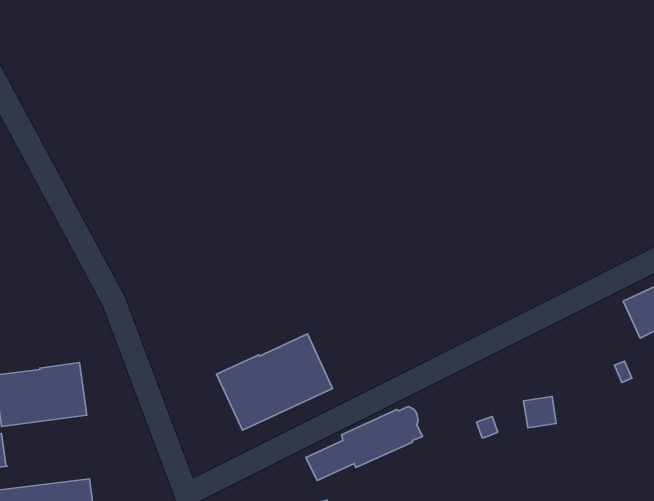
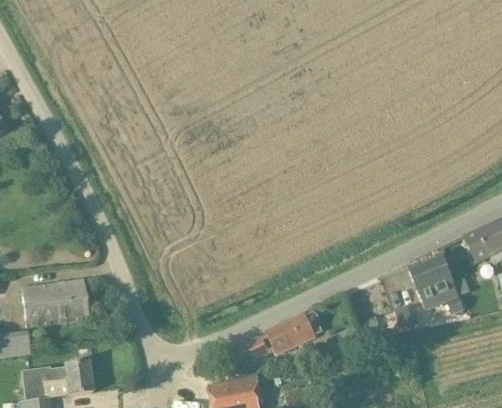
building: none -> [410,255,464,315]
building: [216,334,332,430] -> none

